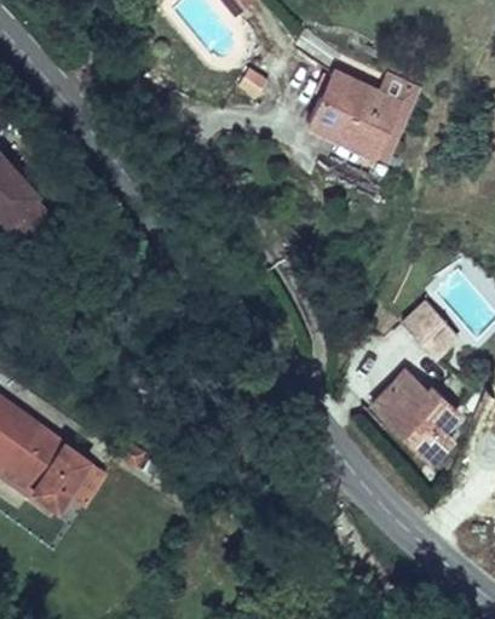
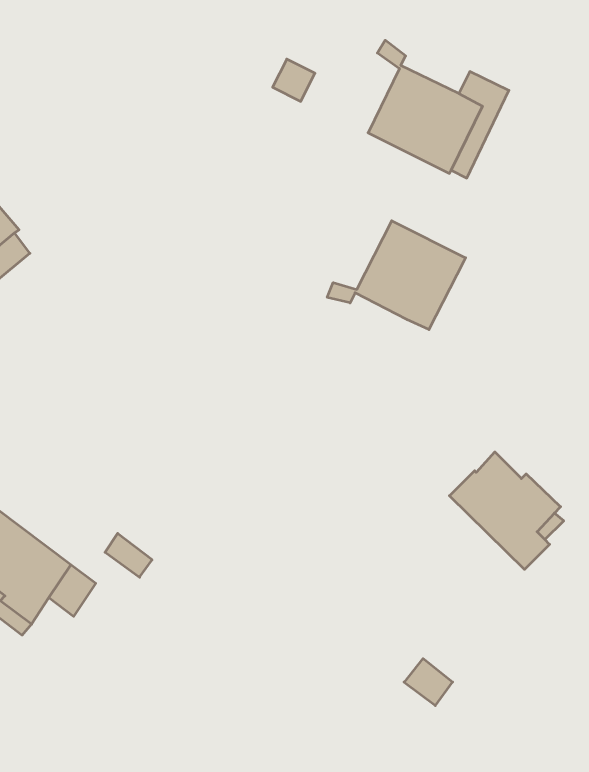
building: none -> [327,221,466,330]
building: [401,299,455,355] -> none

